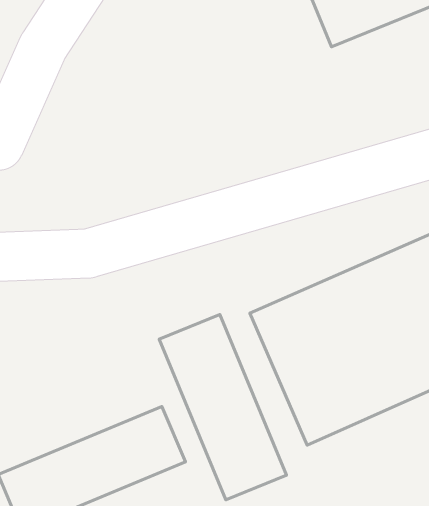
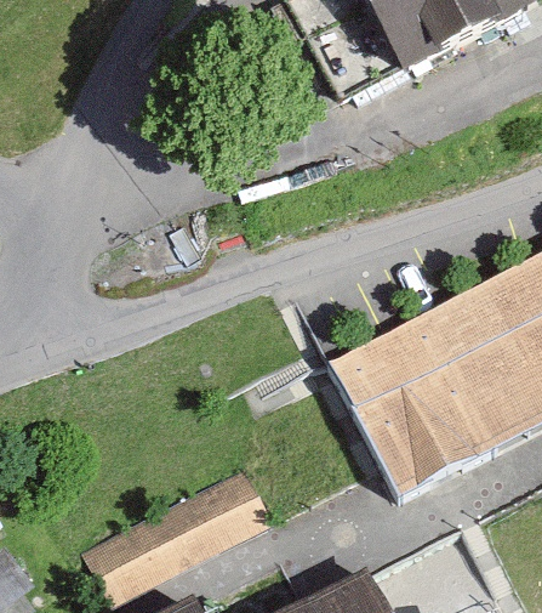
building: [159,314,286,500] -> none

